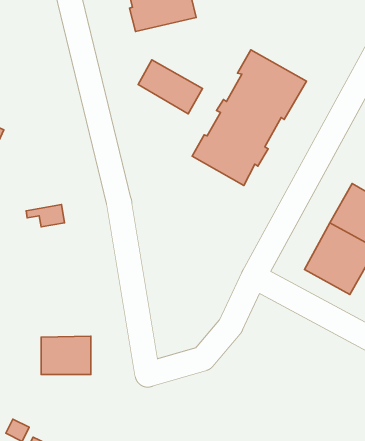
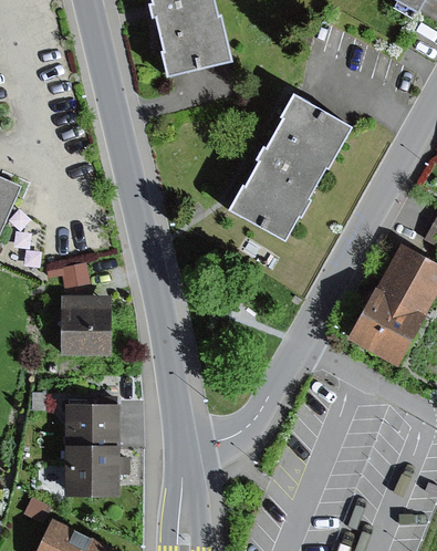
building: [138,60,202,114] -> none
building: none -> [61,305,112,353]
building: none -> [62,449,126,497]

